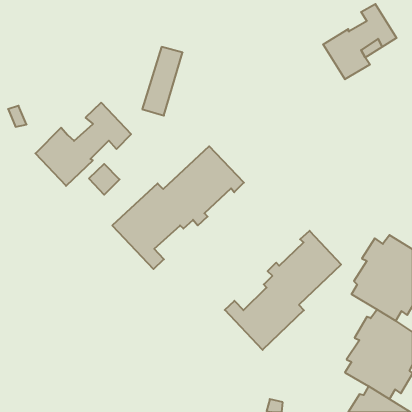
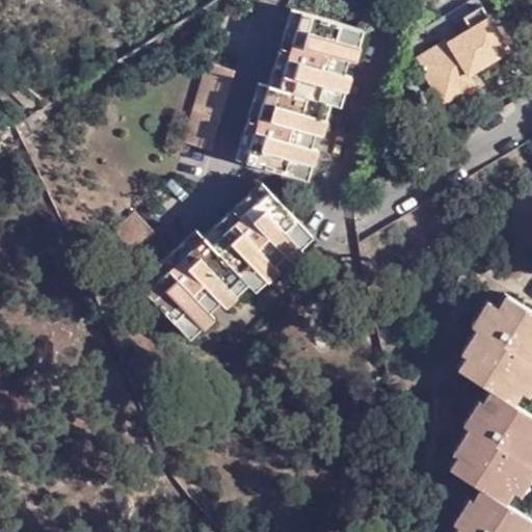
building: none -> [247,9,365,178]
building: [35,103,131,186] -> none
building: [225,231,341,350] -> none

